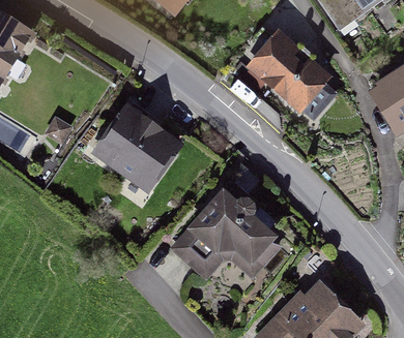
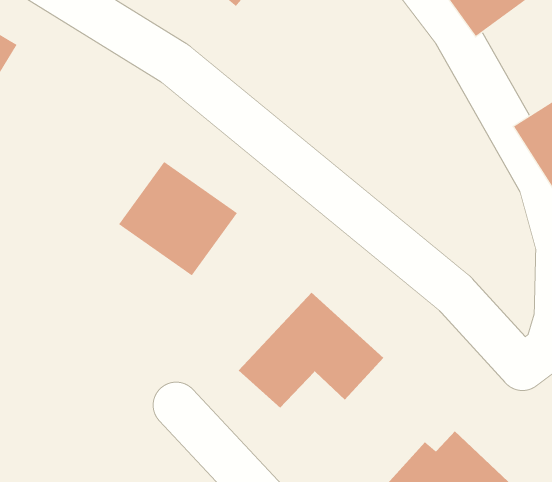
building: [254,34,333,112] -> none

